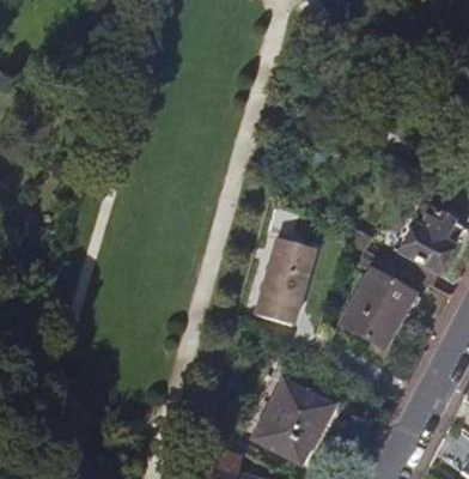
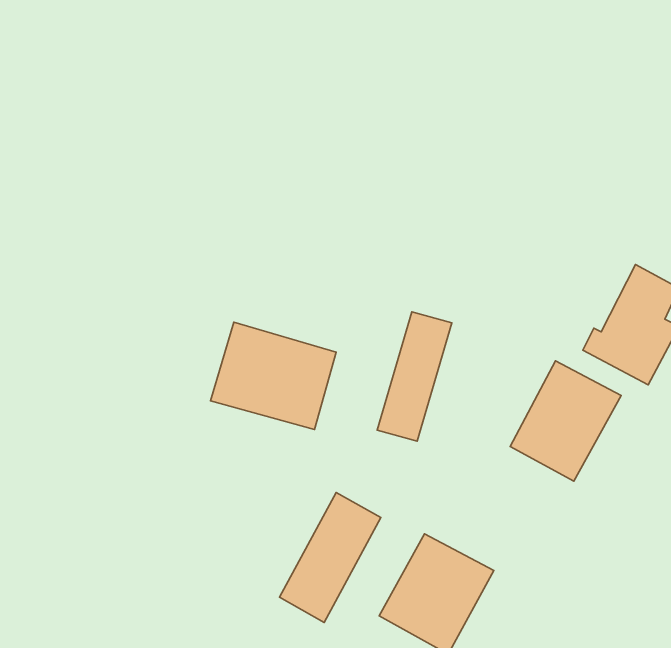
building: none -> [211,322,336,429]
building: none -> [279,493,381,622]

